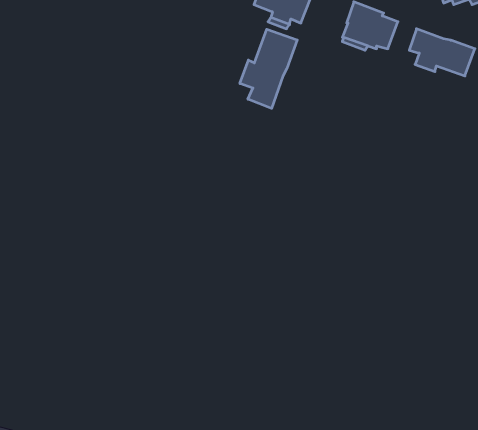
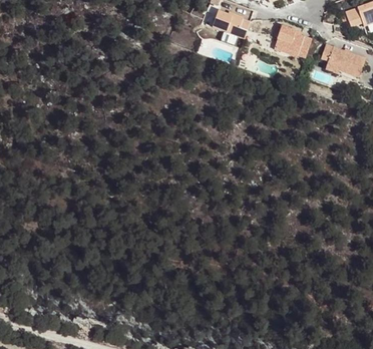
building: [240,29,297,108] -> none

